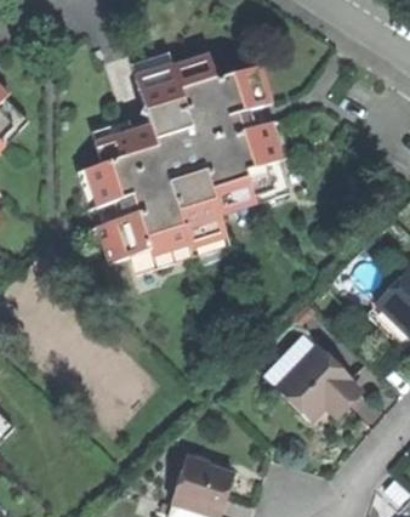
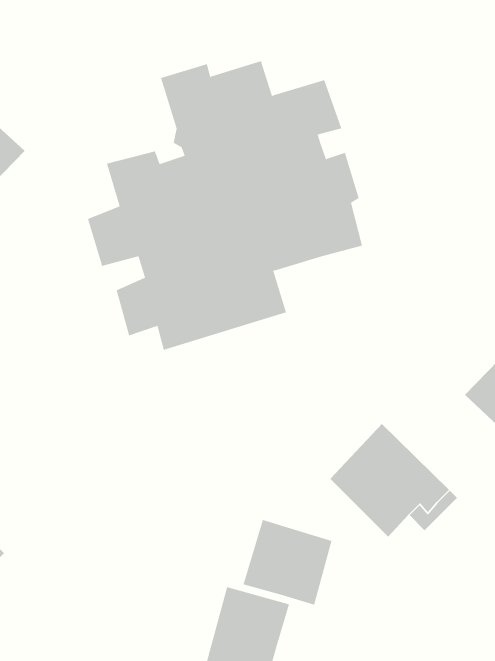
building: none -> [243,519,332,606]

